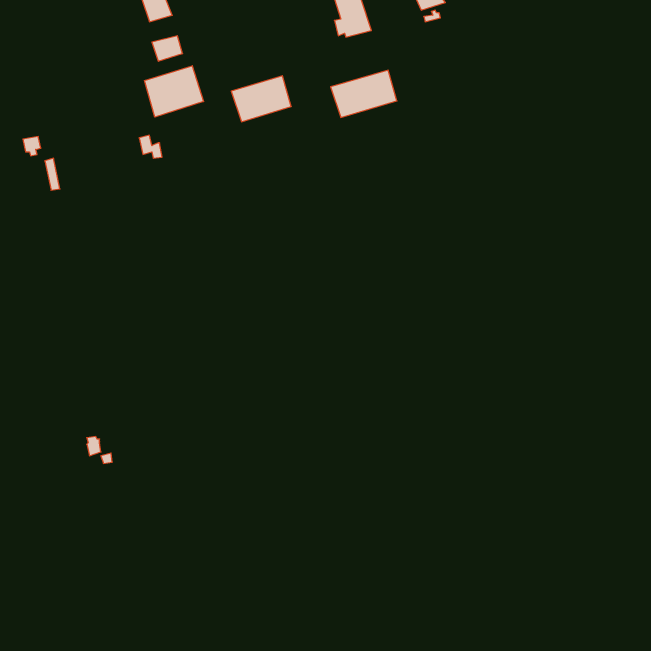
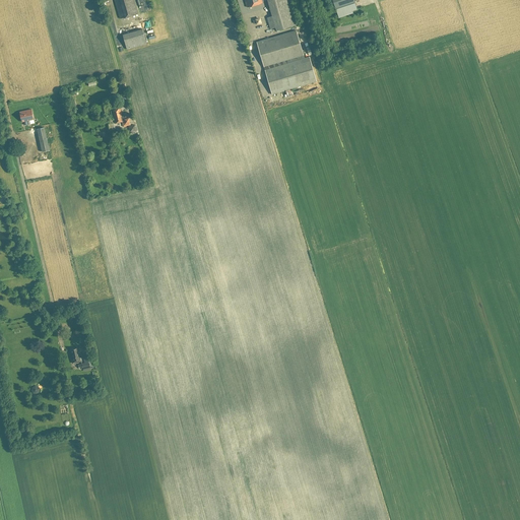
building: [145,66,204,117] -> none
building: [231,76,291,122] -> [255,29,303,66]

